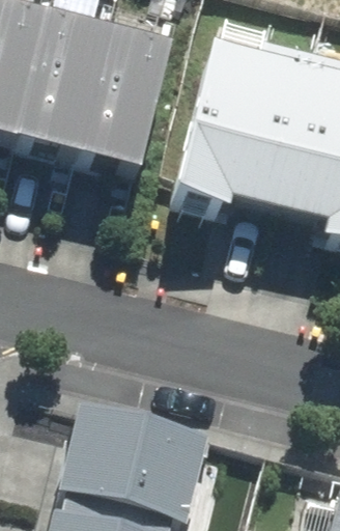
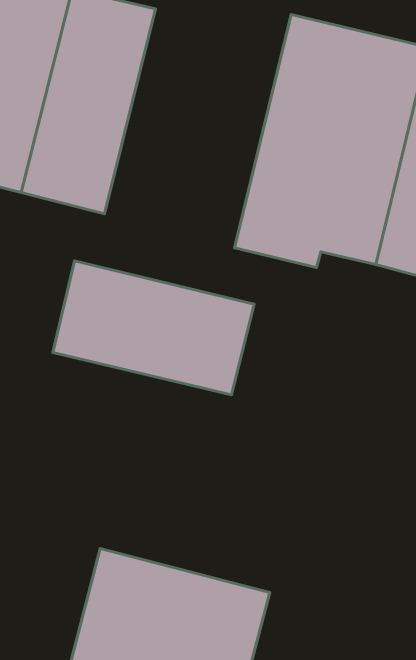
building: [79,22,177,188] -> none
building: none -> [53,261,254,395]

